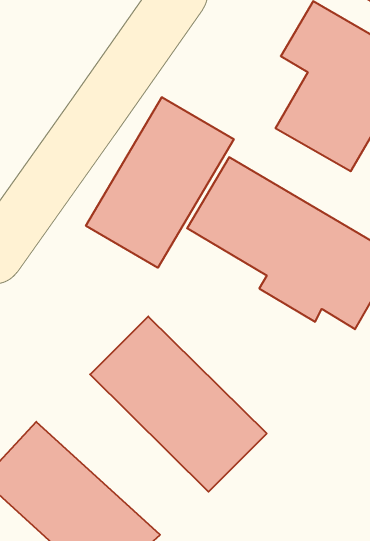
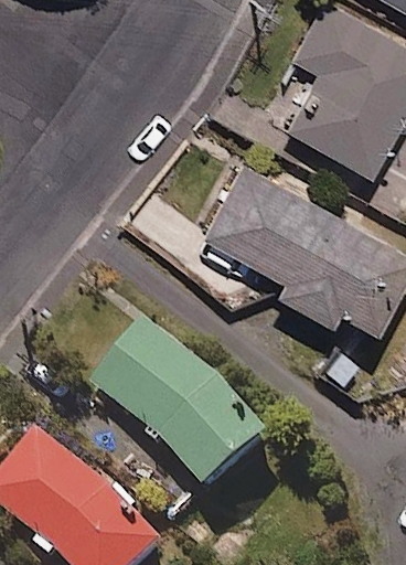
building: [86,97,234,268] -> none

